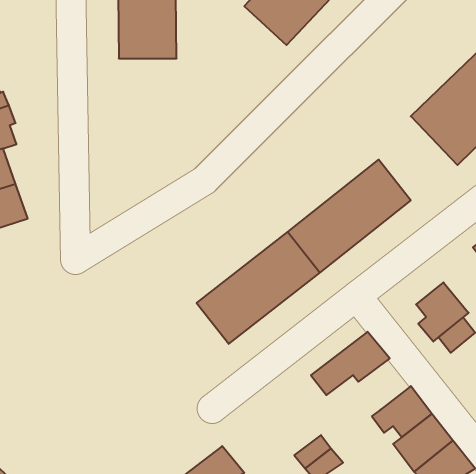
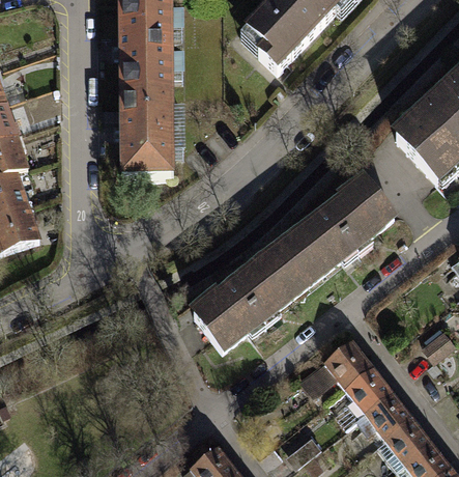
building: none -> [119,84,173,173]
building: [416,282,469,342] -> none
building: none -> [343,364,392,412]

